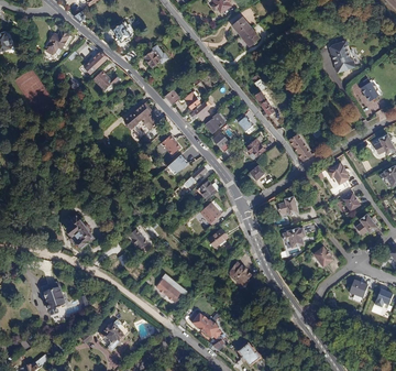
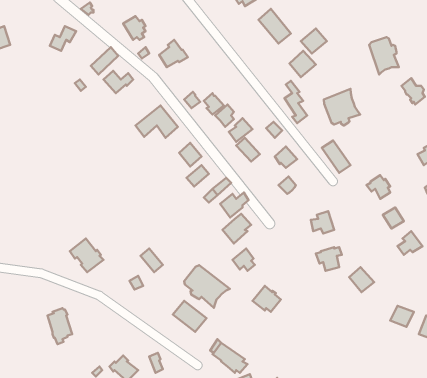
building: none -> [324,89,360,126]
building: none -> [184,265,230,308]

